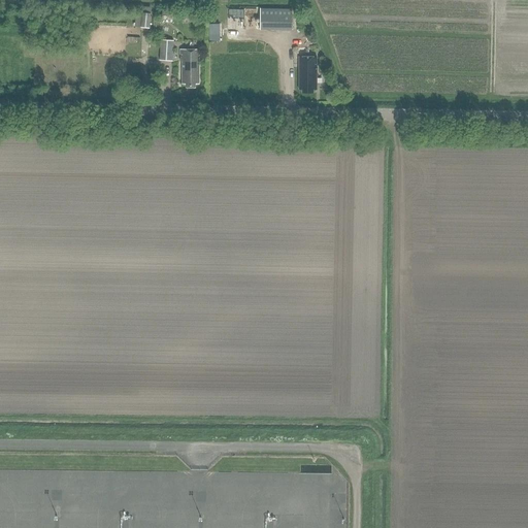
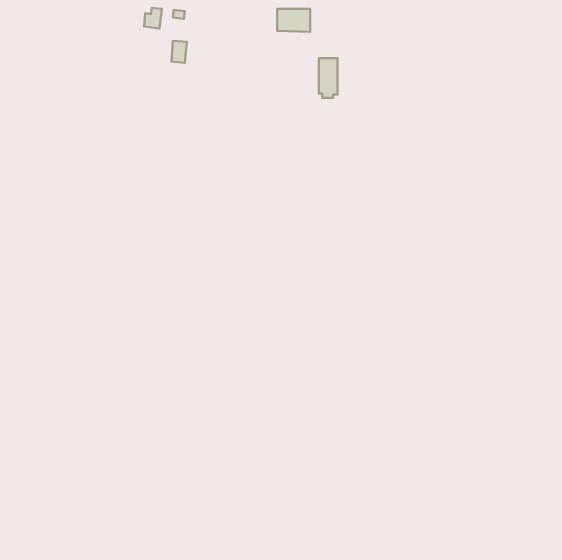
building: [180,46,198,86] -> none

